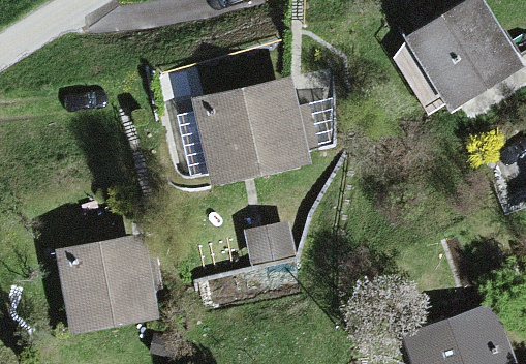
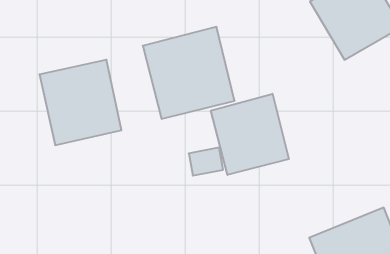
building: none -> [211,94,289,175]
building: [56,231,159,338] -> [39,60,121,145]

